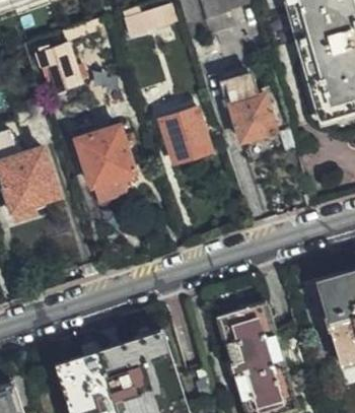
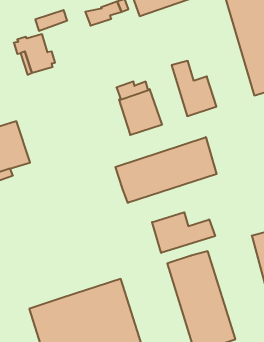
building: [75,127,131,186] -> none
building: none -> [115,137,217,203]
building: none -> [152,212,215,253]

